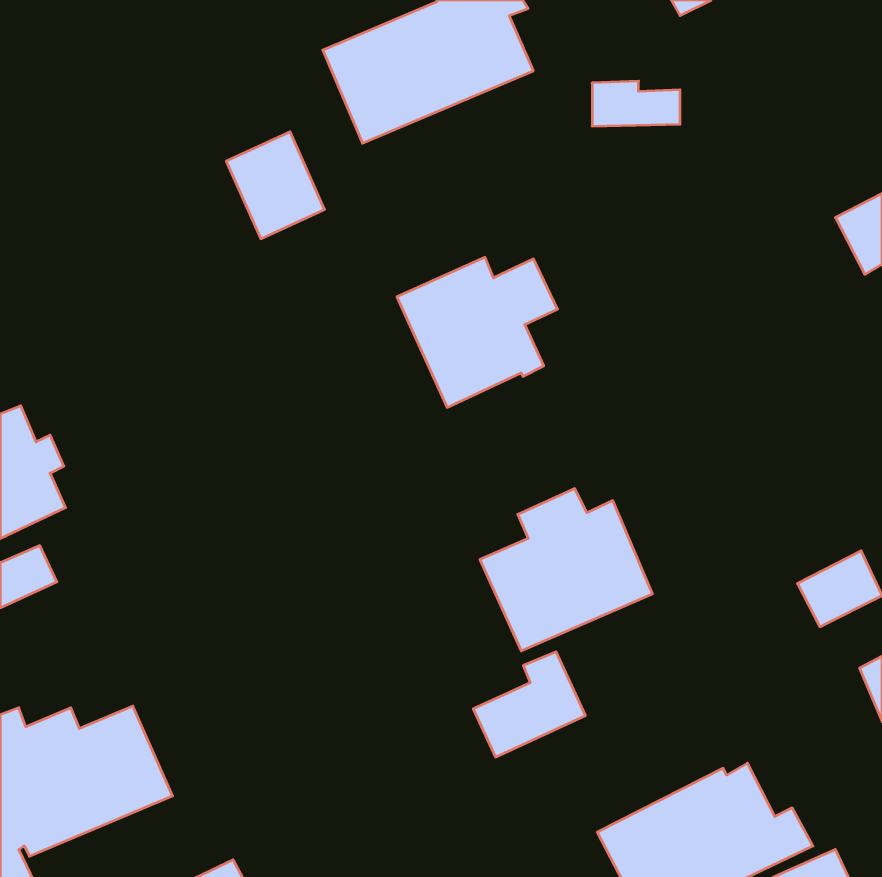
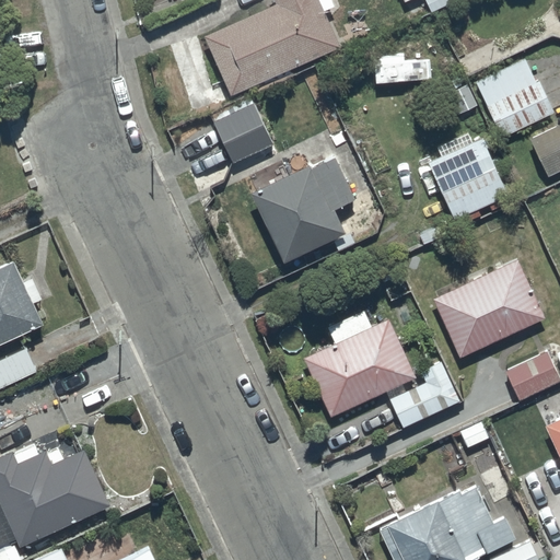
building: none -> [477,60,553,138]
building: [226,132,325,239] -> [210,96,272,164]
building: none -> [428,138,506,224]
building: none -> [433,260,542,357]
building: [473,652,585,757] -> [389,363,460,430]

